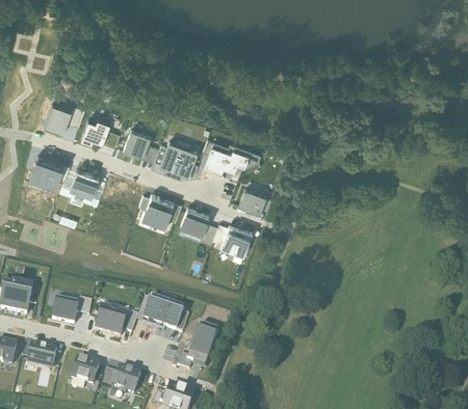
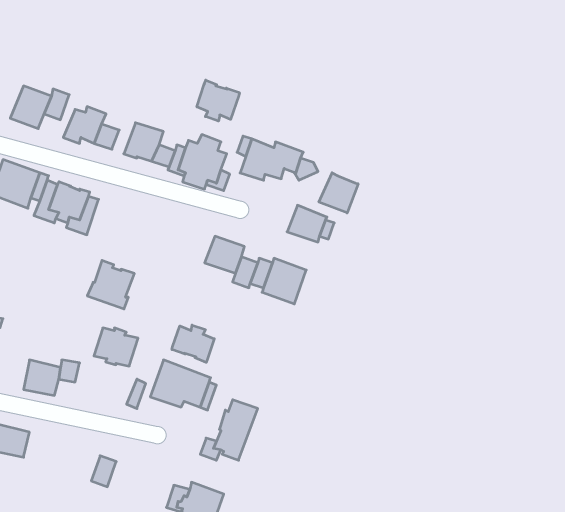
building: none -> [197,80,239,121]
building: none -> [319,173,358,213]
building: [140,195,174,229] -> [87,260,134,309]
building: none -> [172,325,214,362]
building: [96,306,127,333] -> [94,328,138,366]
building: [71,355,99,381] -> none
building: [111,363,140,391] -> none

